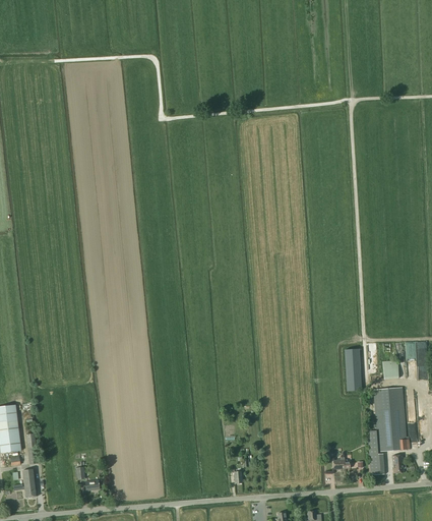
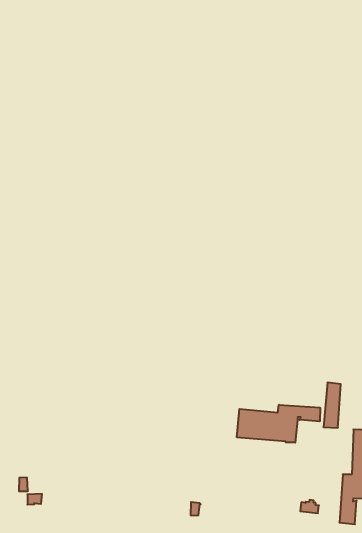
building: none -> [237,405,320,443]

